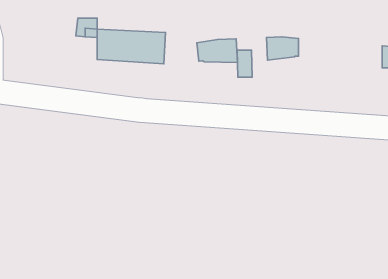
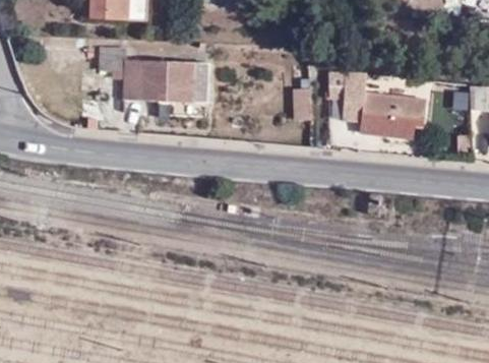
building: [197,39,237,63] -> none
building: none -> [360,94,425,135]

